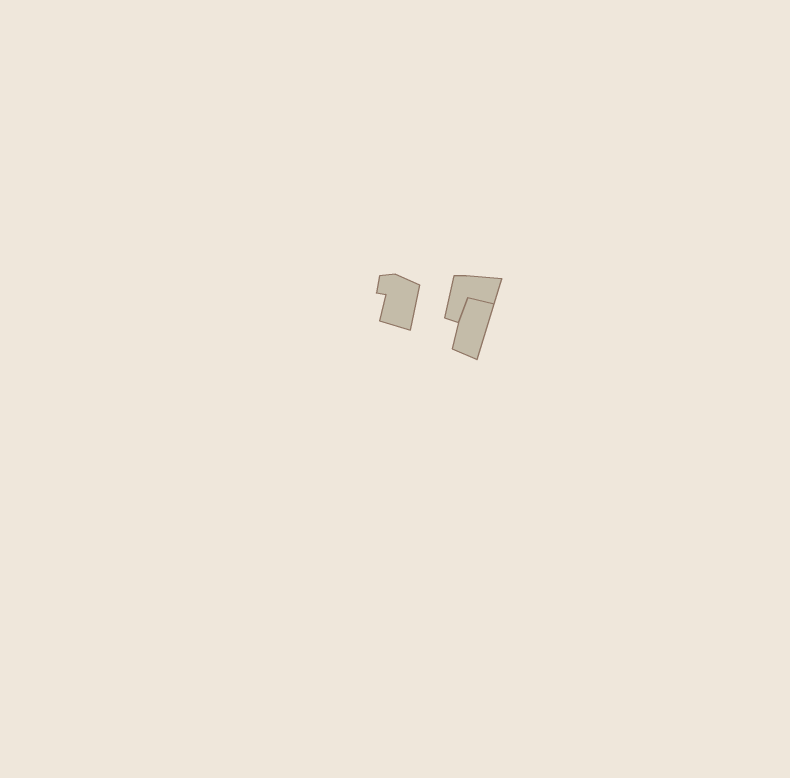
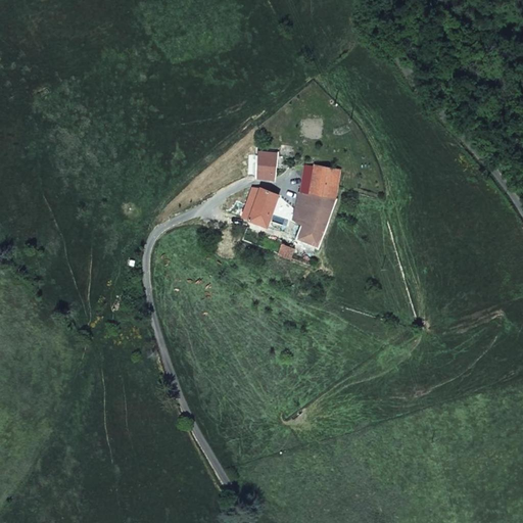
building: none -> [254,152,276,179]
building: none -> [307,165,333,193]

